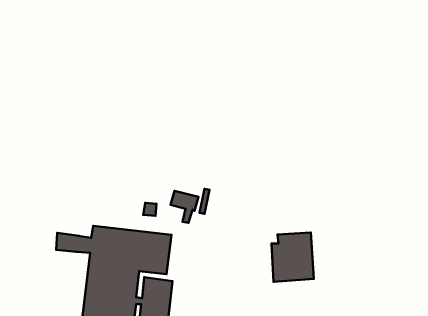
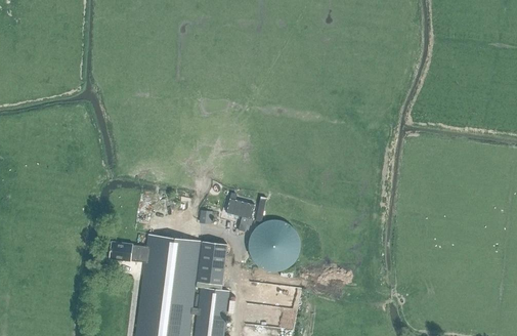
building: [272,233,314,282] -> [257,219,300,269]

